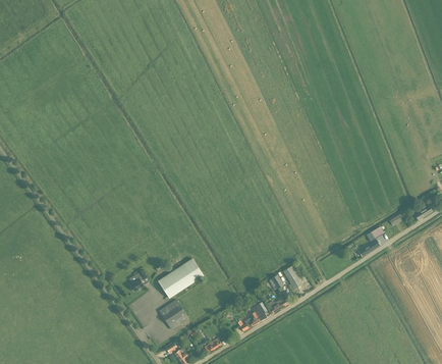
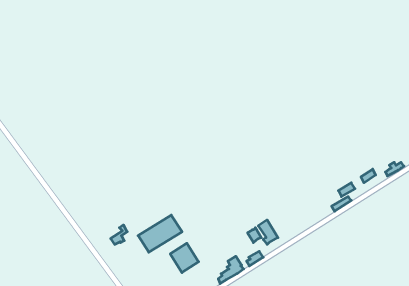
building: [157,298,186,328] -> [170,243,199,273]

